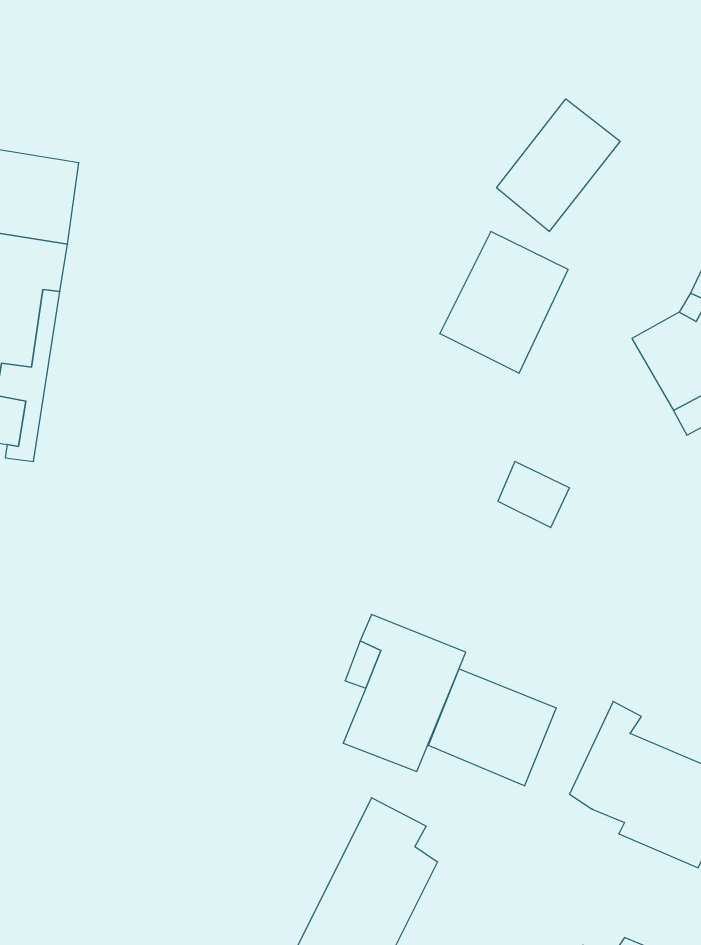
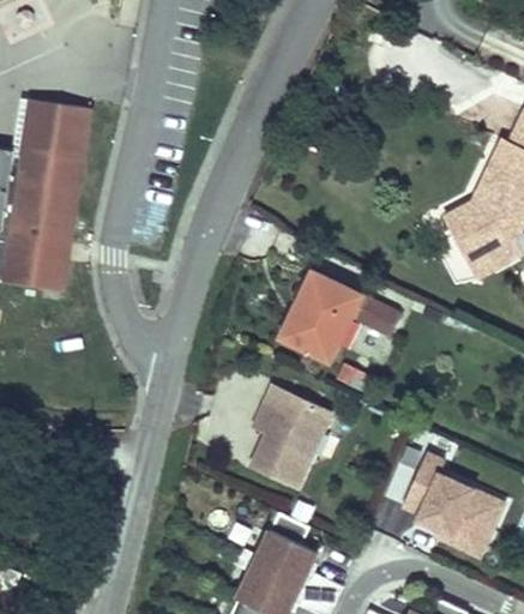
building: [497,99,620,232] -> none
building: [440,232,568,373] -> [276,271,357,361]
building: [428,669,556,786] -> none

